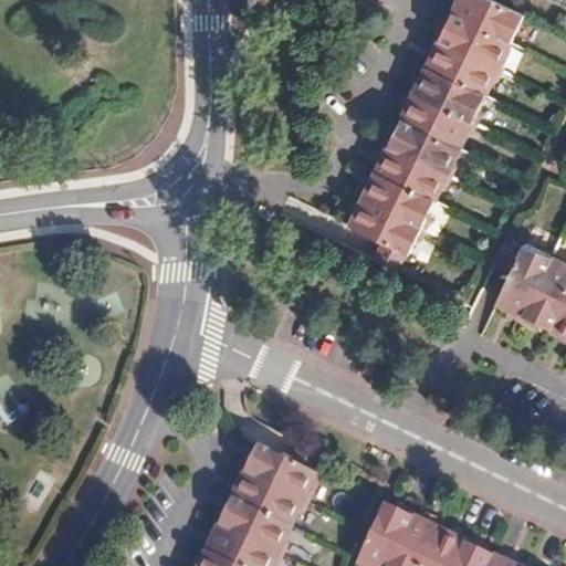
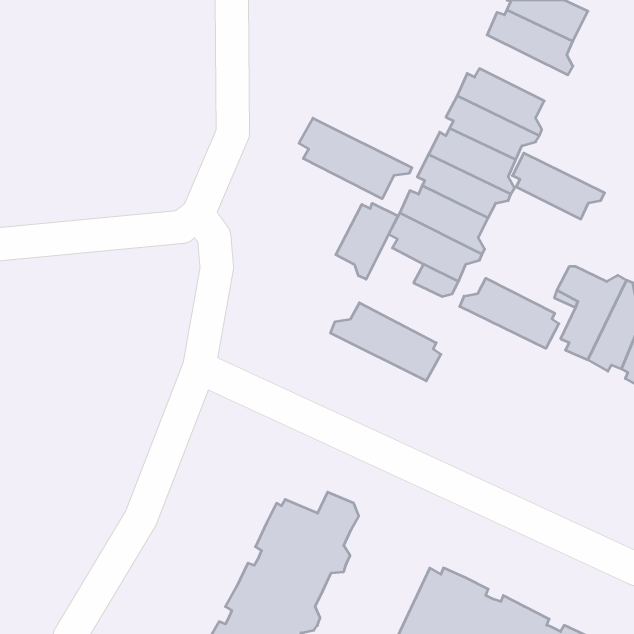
building: [424,33,506,92] -> [512,153,605,219]
building: none -> [299,118,412,199]
building: none -> [336,203,398,279]
building: none -> [460,278,559,348]
building: none -> [330,303,441,381]

